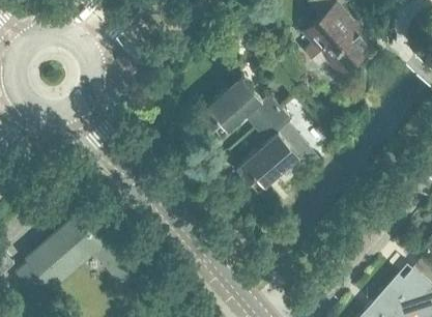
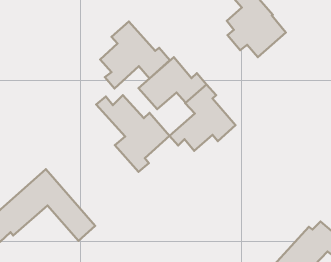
building: none -> [100,21,170,88]
building: none -> [96,95,169,172]

